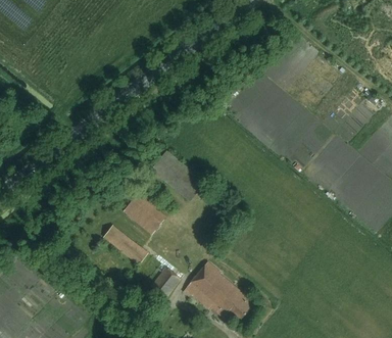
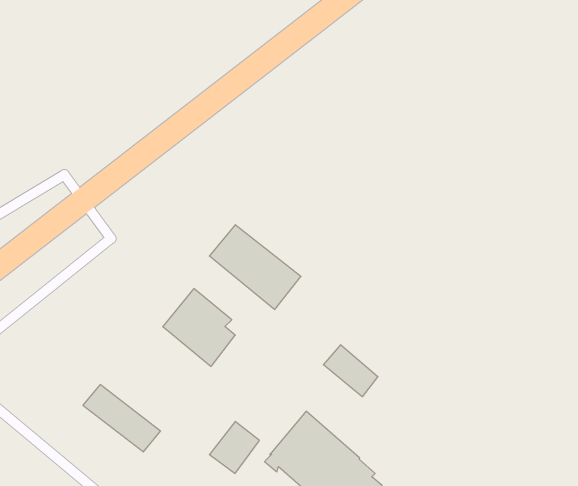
building: none -> [323,345,378,397]
building: [102,226,148,265] -> [83,385,161,452]

